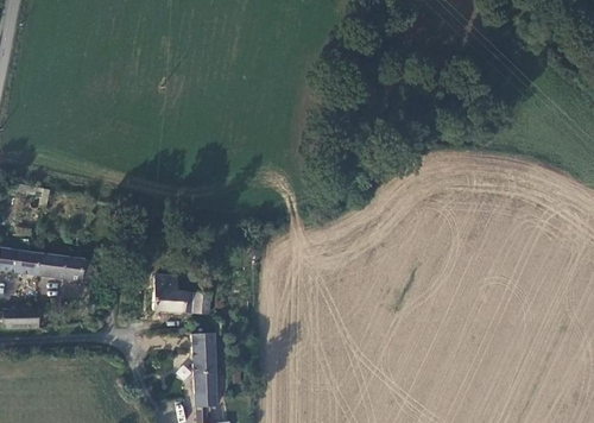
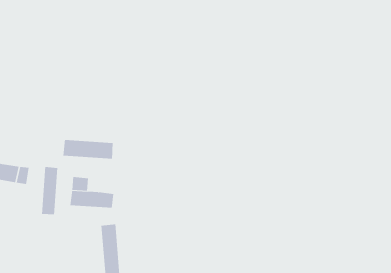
building: none -> [63,139,113,159]
building: none -> [42,166,58,215]

